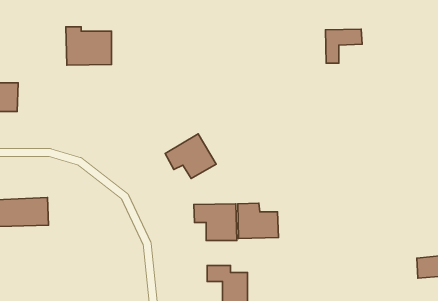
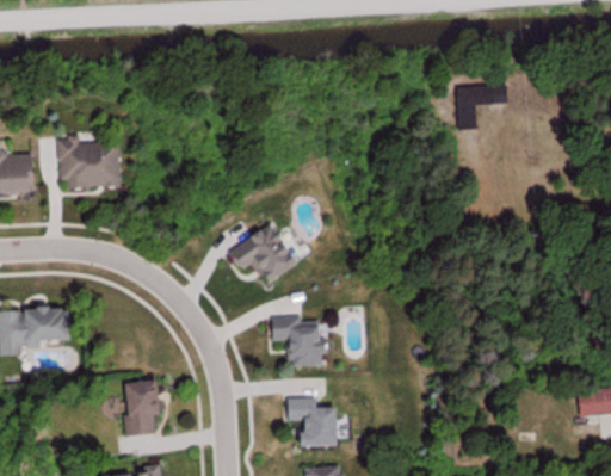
building: [66,27,112,65] -> [56,137,117,188]
building: [238,203,279,238] -> none
building: none -> [119,382,163,437]

